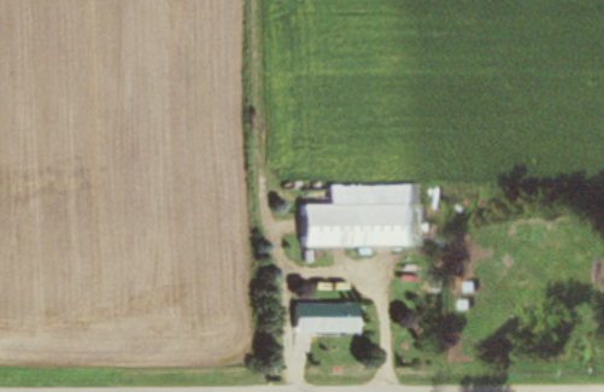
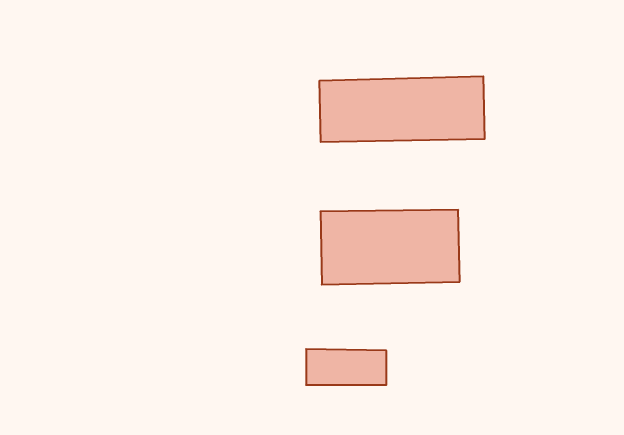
building: none -> [320,76,485,142]

